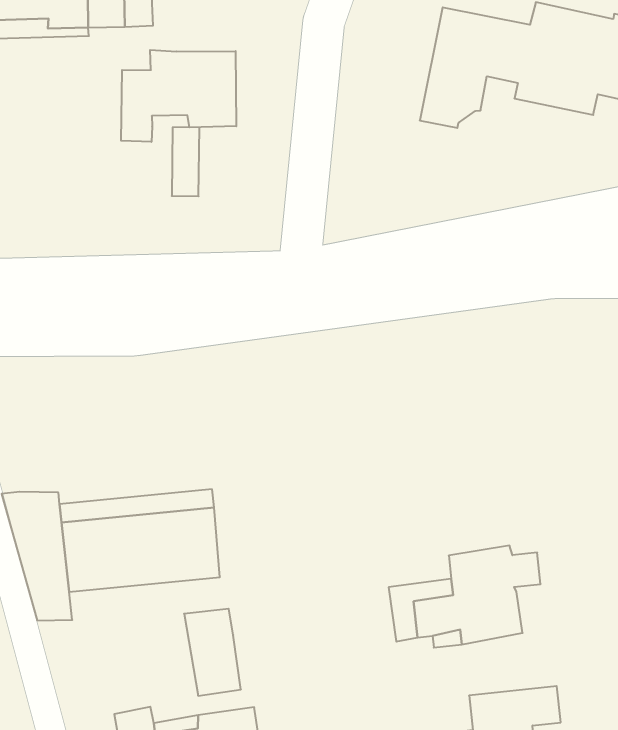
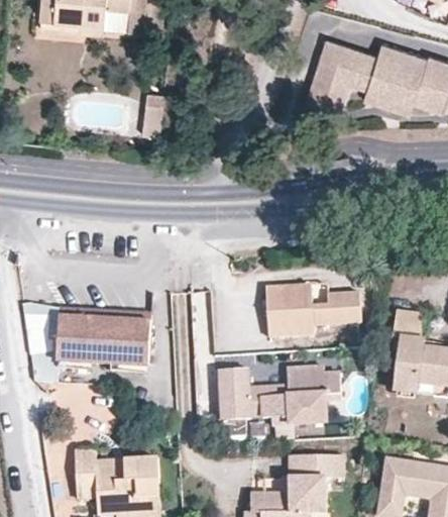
building: [121,50,236,142] -> none
building: none -> [264,283,359,336]
building: [184,609,241,696] -> [219,369,248,419]

